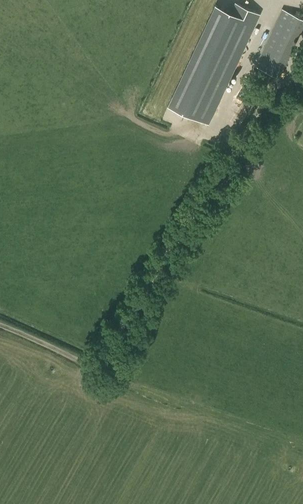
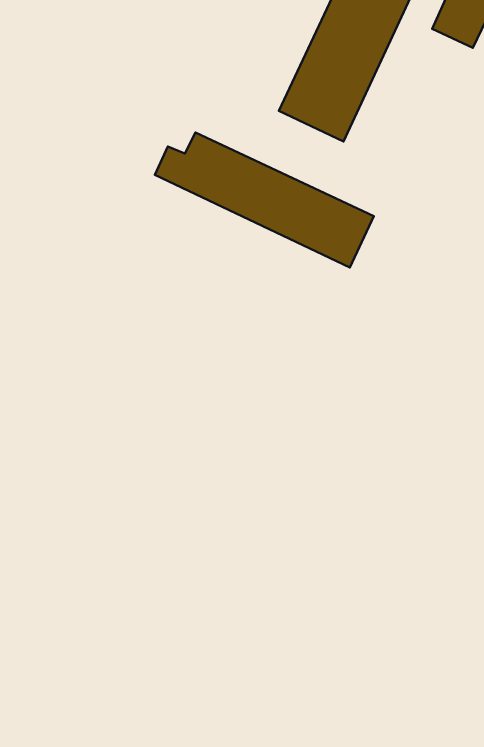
building: none -> [155,132,374,268]

